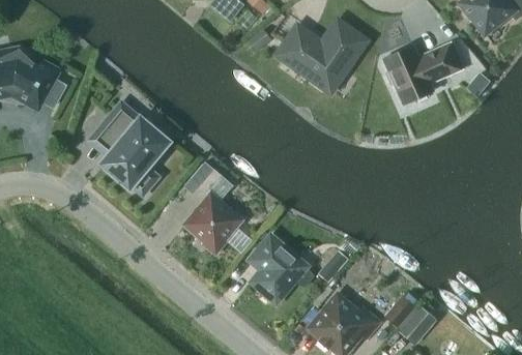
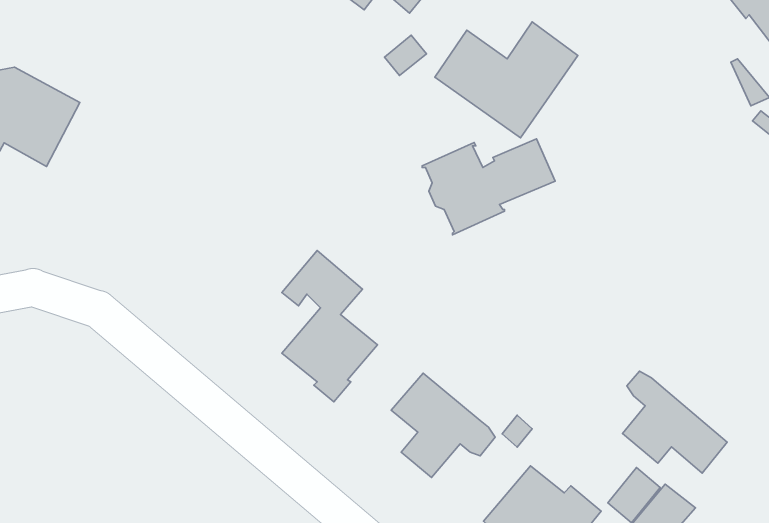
building: [382,42,464,101] -> [422,139,555,235]
building: [94,103,164,198] -> none
building: none -> [623,371,727,473]

